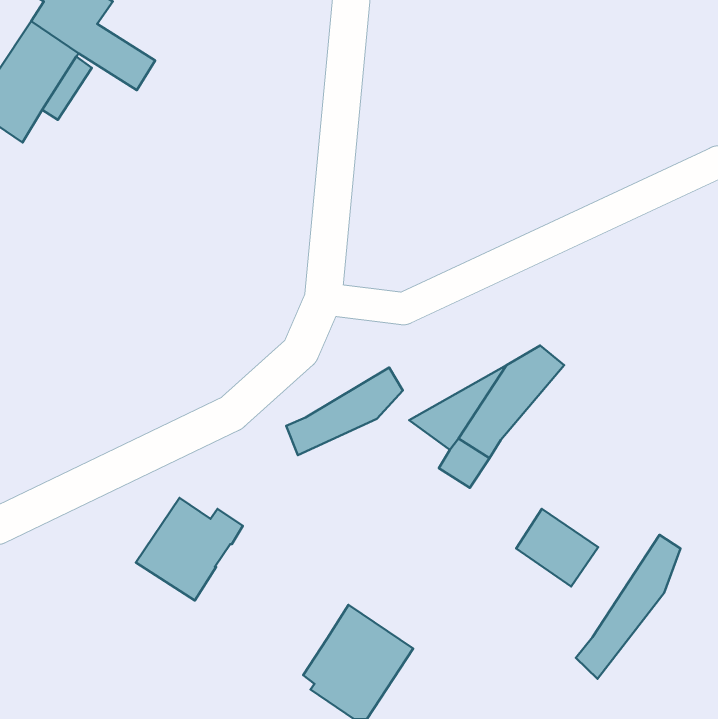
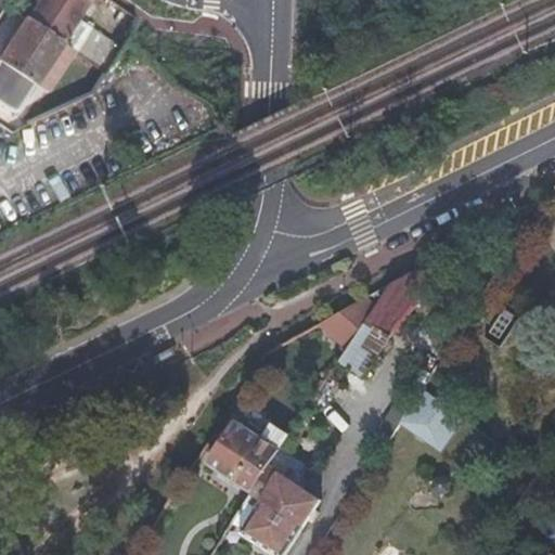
building: [286,367,403,455] -> none
building: [136,498,243,601] -> [206,412,288,491]
building: [576,535,680,679] -> none

